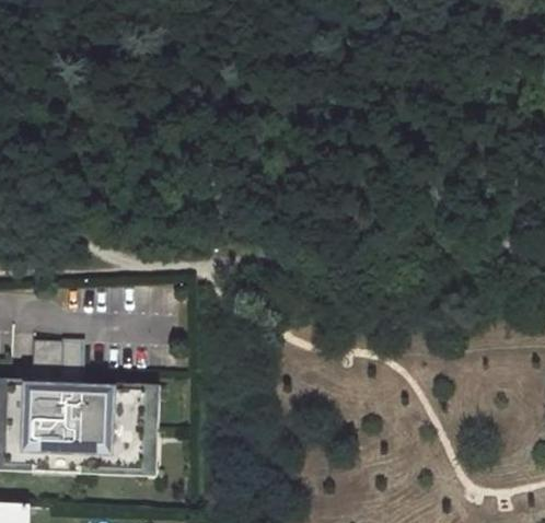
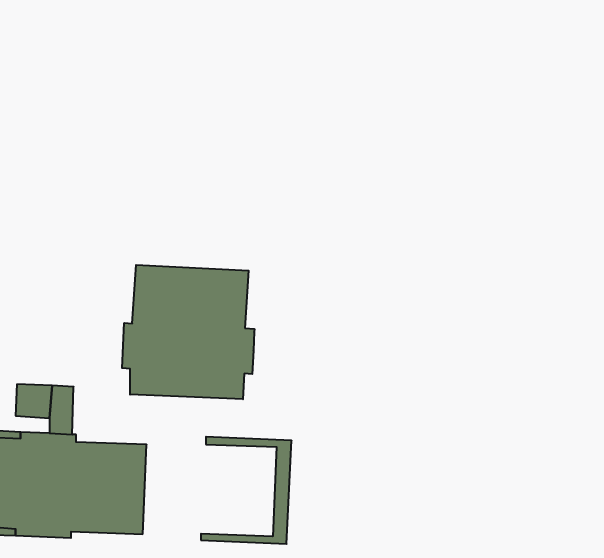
building: none -> [122,265,254,399]
building: [81,381,160,474] -> [201,437,292,544]

